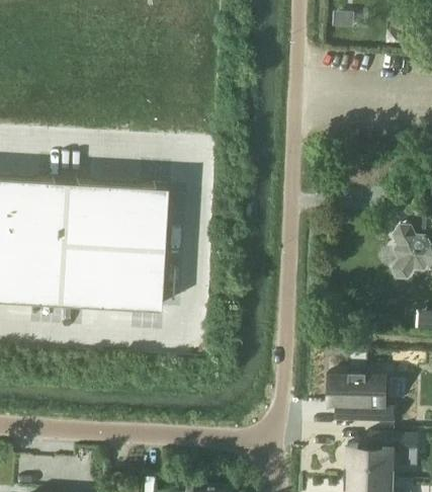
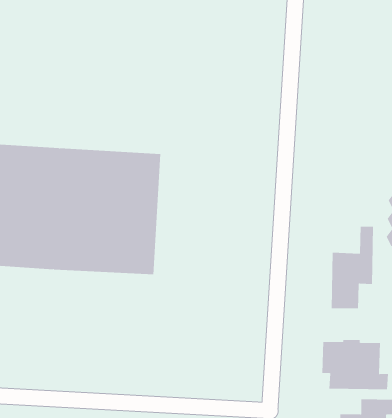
building: none -> [331,226,373,309]

